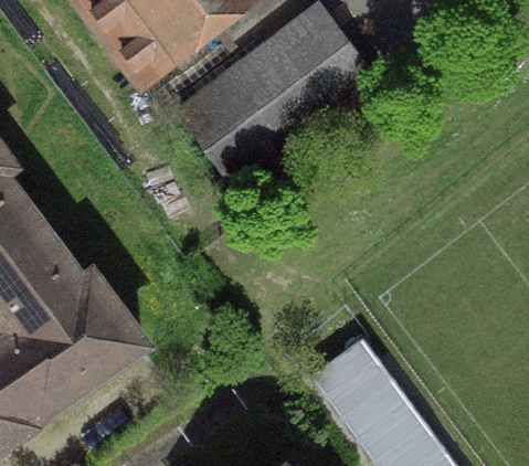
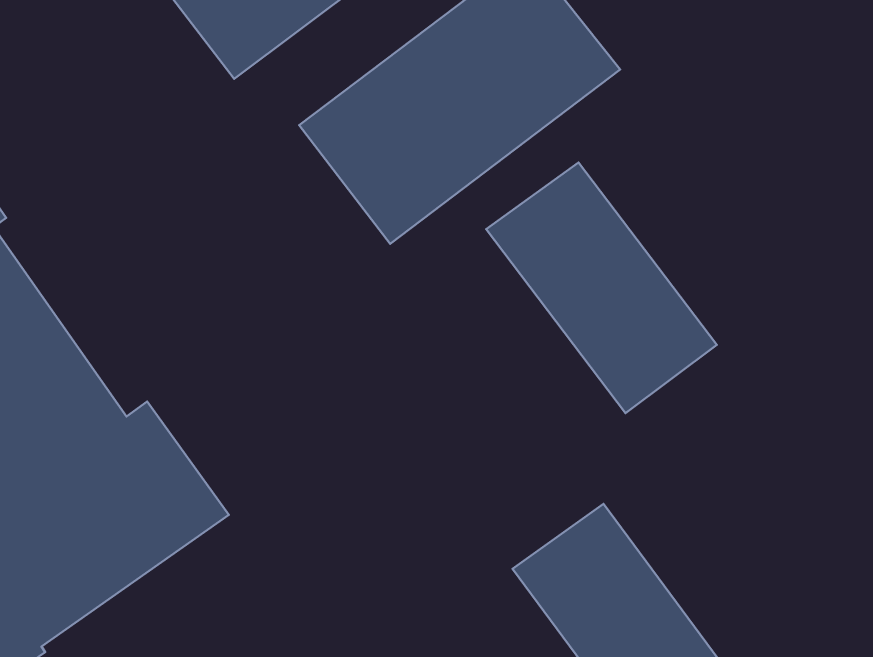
building: none -> [486,163,717,413]

